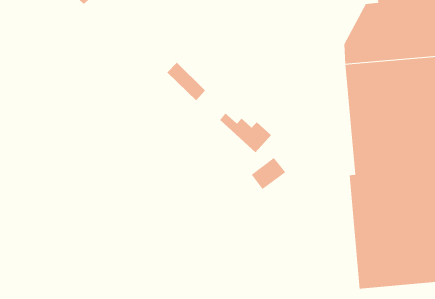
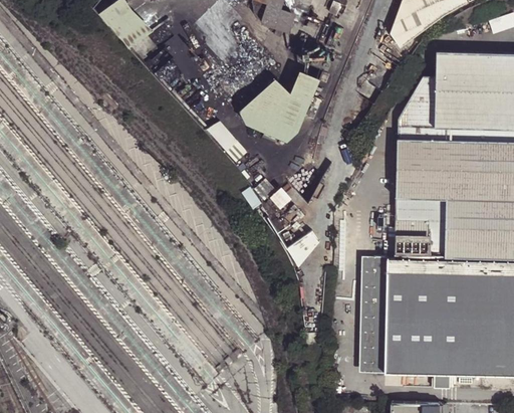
building: none -> [241,71,319,141]
building: none -> [361,254,388,376]

